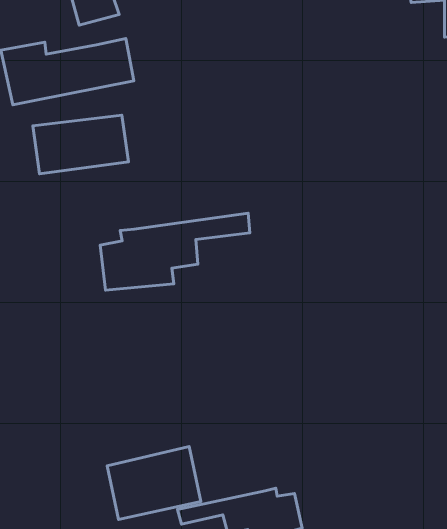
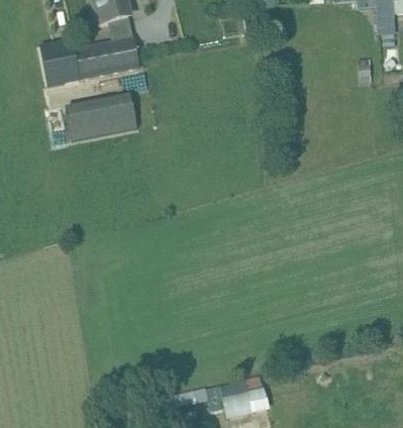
building: [100,213,250,290] -> none
building: [107,446,201,519] -> none

